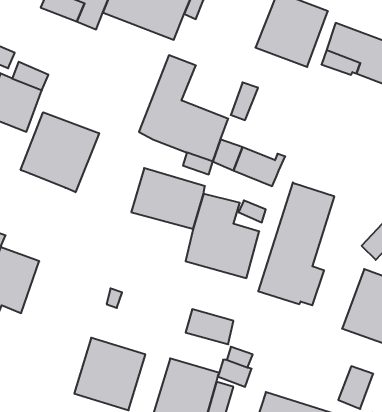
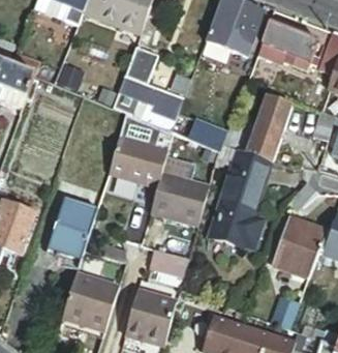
building: [21,112,99,192] -> none
building: none -> [237,93,291,160]
building: none -> [48,199,95,259]

